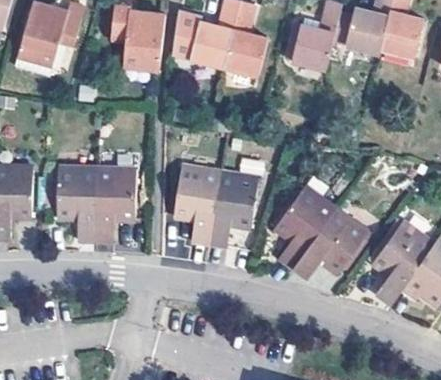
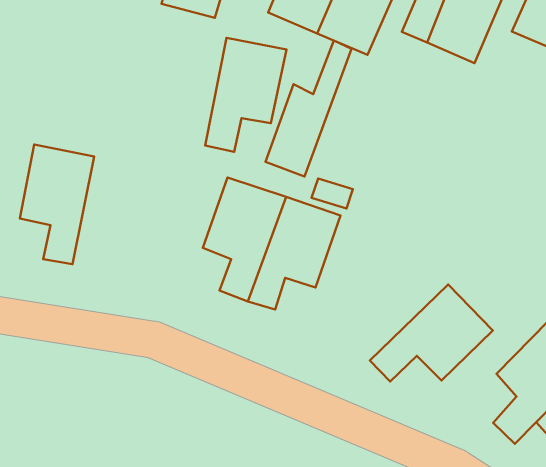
building: none -> [265,40,351,177]
building: [95,169,136,240] -> [205,38,287,152]
building: [275,190,333,268] -> none

